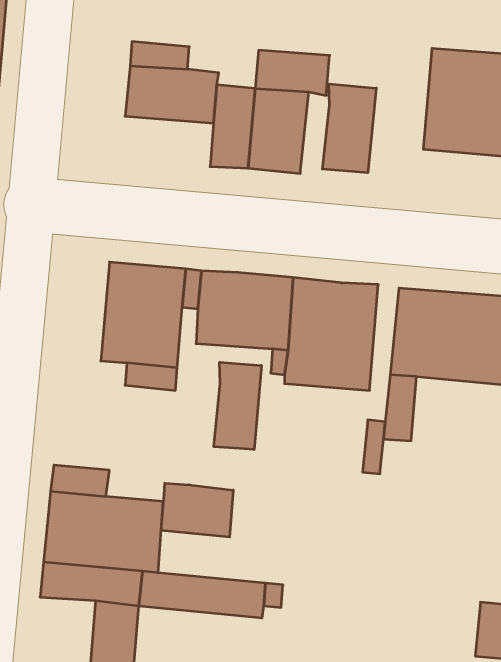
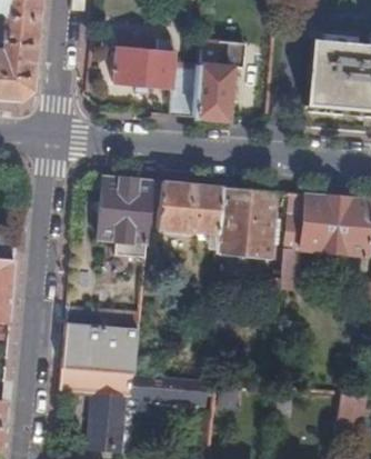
building: [322,84,376,173] -> none
building: [214,362,261,450] -> none
building: [161,483,233,537] -> none

